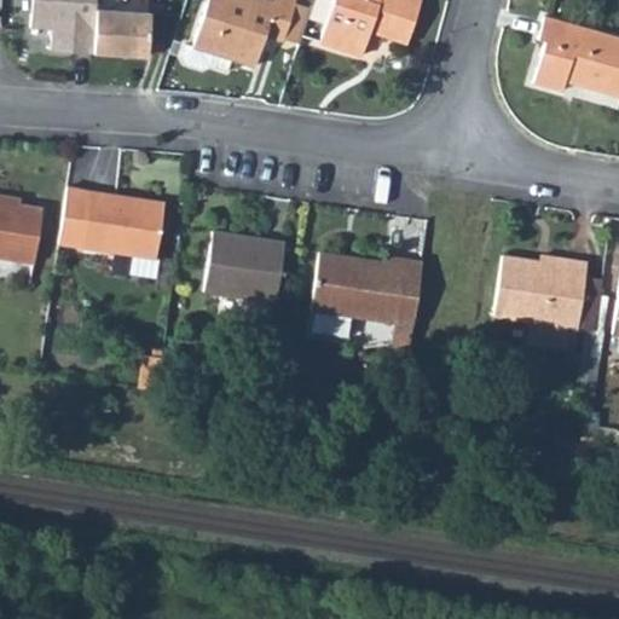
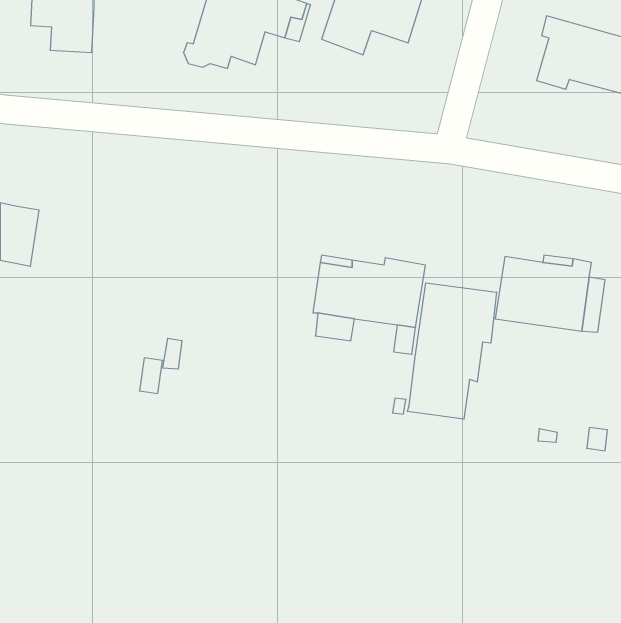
building: [94,7,152,56] -> none
building: [59,186,164,258] -> none
building: [206,232,285,302] -> none
building: none -> [407,283,496,419]

